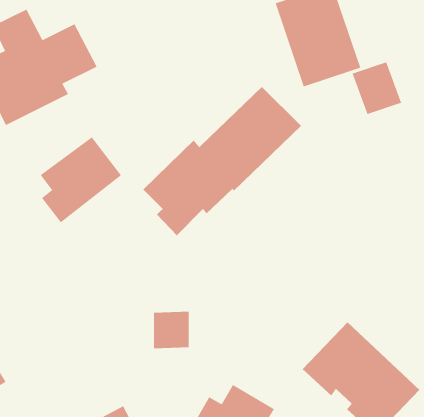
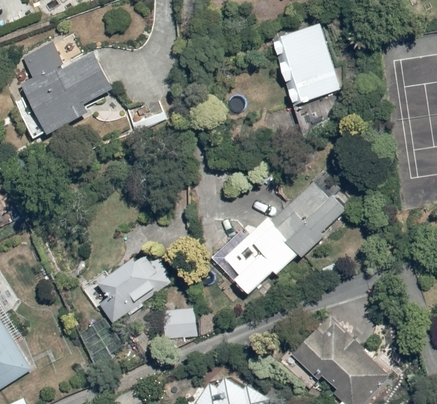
building: [352,62,402,115] -> none
building: [143,86,302,236] -> [220,167,360,299]
building: [40,137,122,223] -> [96,251,168,327]

